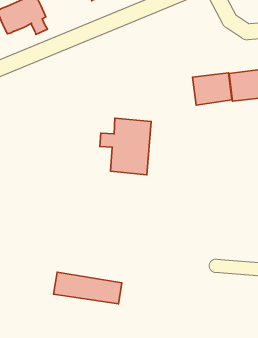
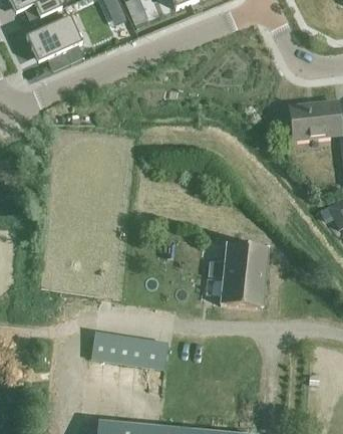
building: [193,73,232,105] -> none
building: [100,118,151,175] -> [209,243,267,307]

